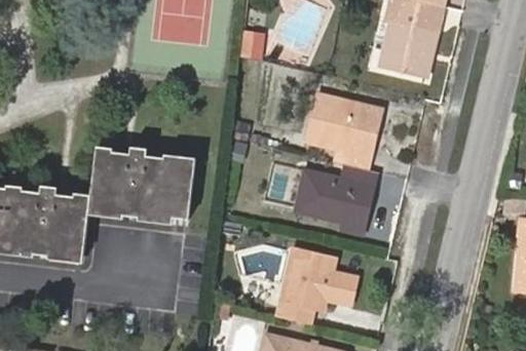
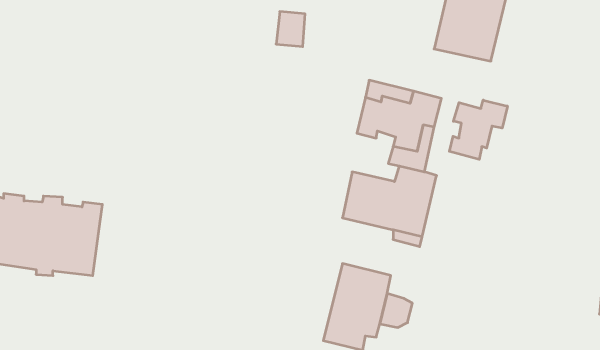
building: none -> [449,100,507,159]
building: [90,151,196,222] -> none

